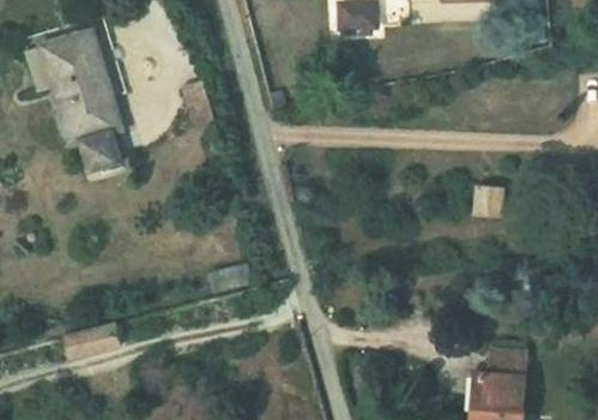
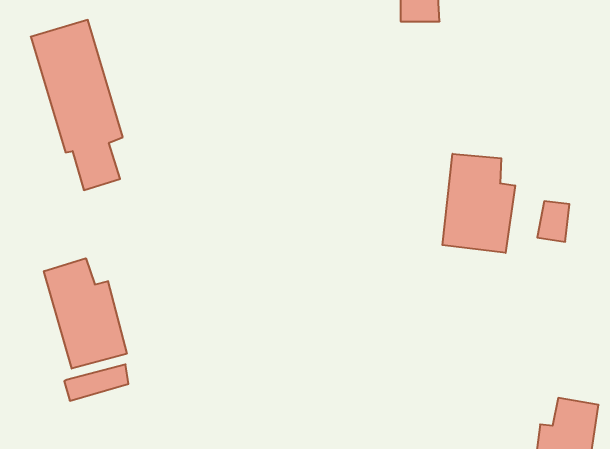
building: none -> [442,154,515,253]
building: none -> [44,258,127,369]

